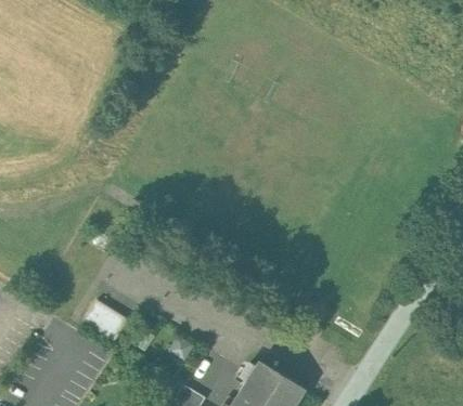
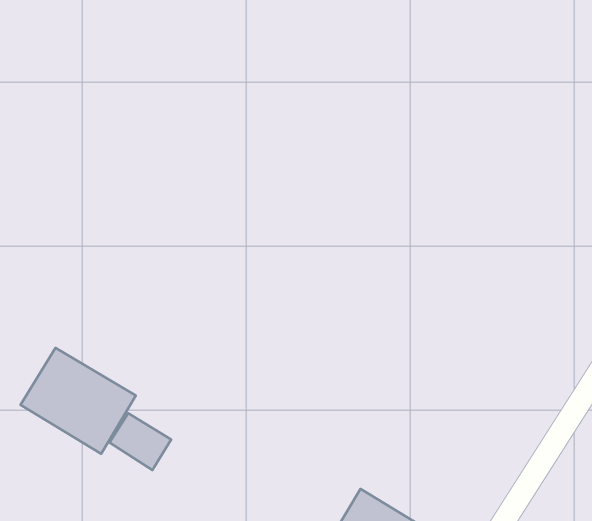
building: none -> [20,348,136,454]

